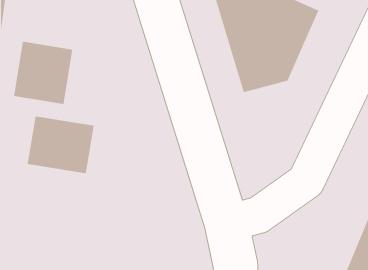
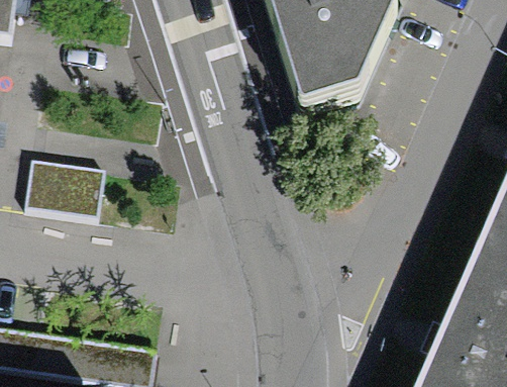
building: [13,41,73,105] -> none

